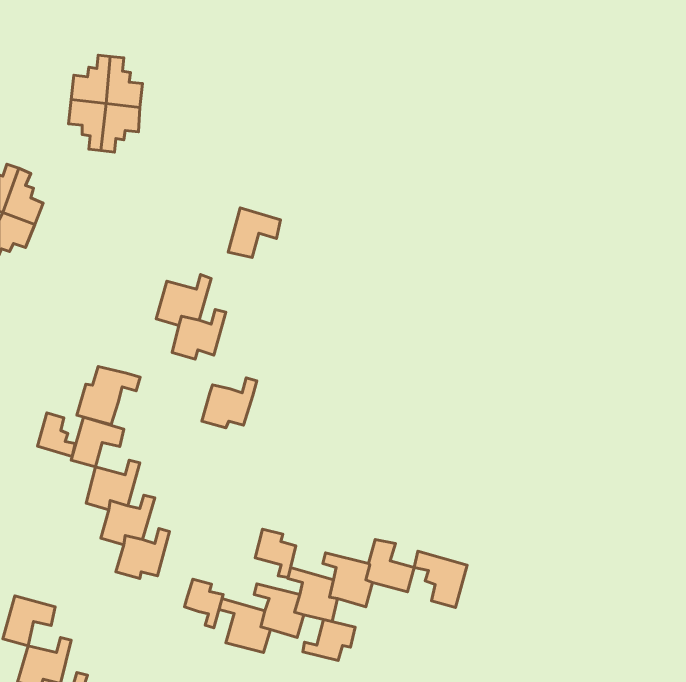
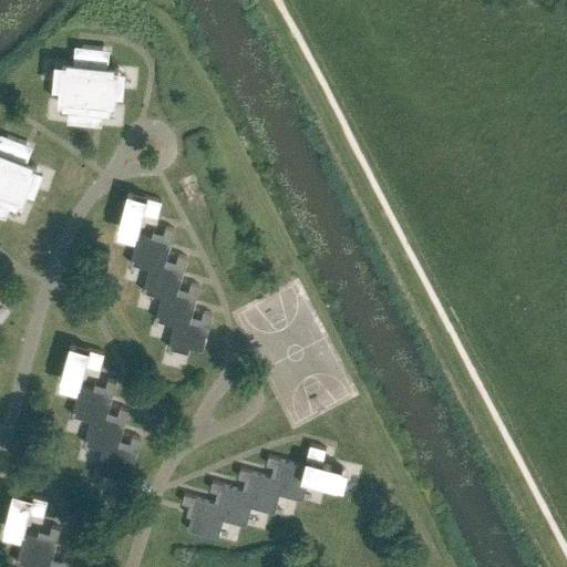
building: [228,208,281,257] -> [117,195,161,236]
building: none -> [154,287,198,328]
building: [77,366,140,424] -> none
building: [37,413,75,456] -> none
building: [255,529,296,578] -> none
building: [414,551,467,607] -> none
building: [185,579,223,628] -> none
building: [303,619,355,660] -> none

